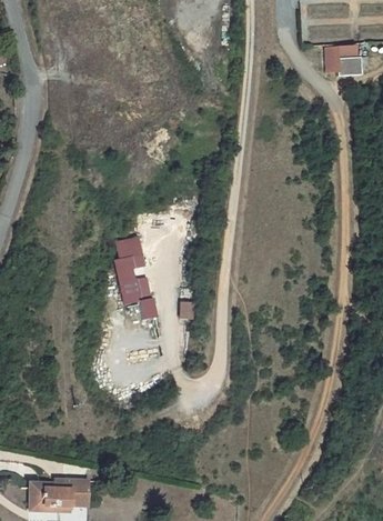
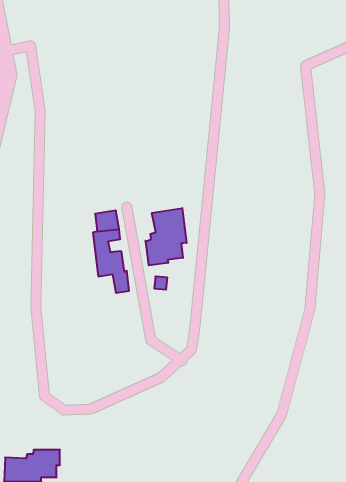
building: [326,46,361,76] -> none
building: none -> [146,208,187,265]

